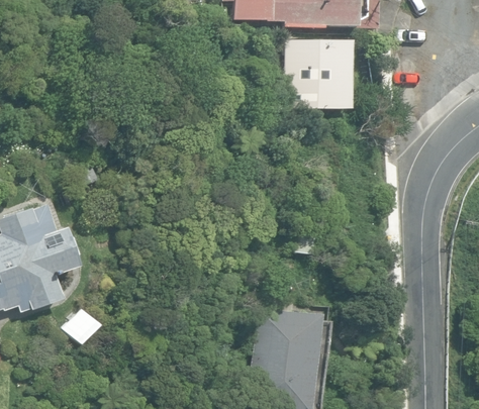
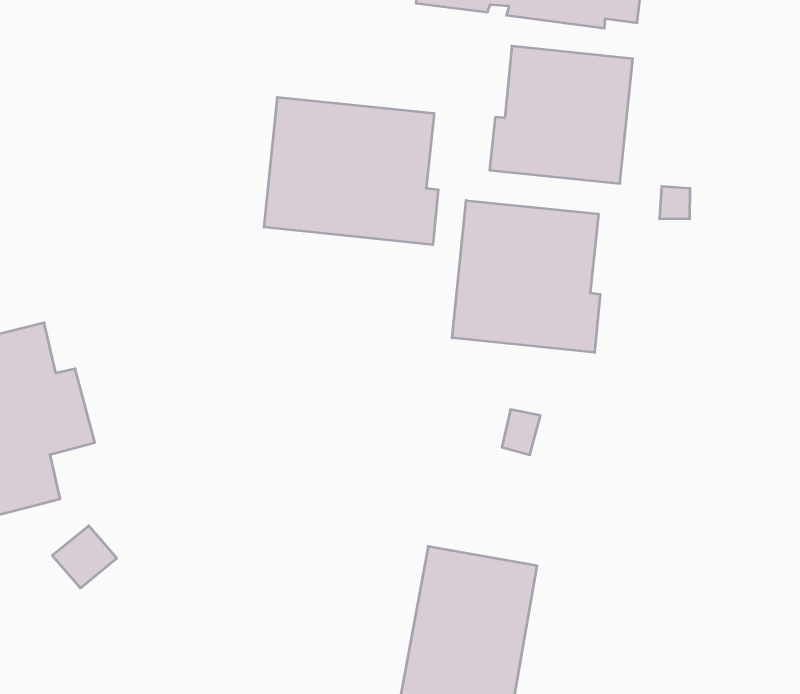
building: none -> [264,97,438,245]
building: none -> [452,200,600,353]

